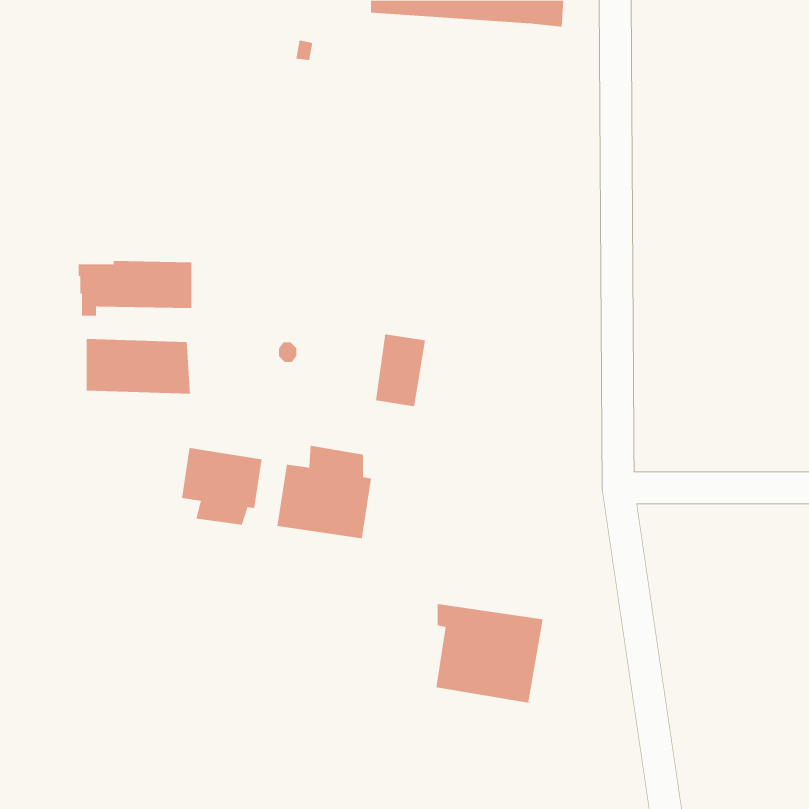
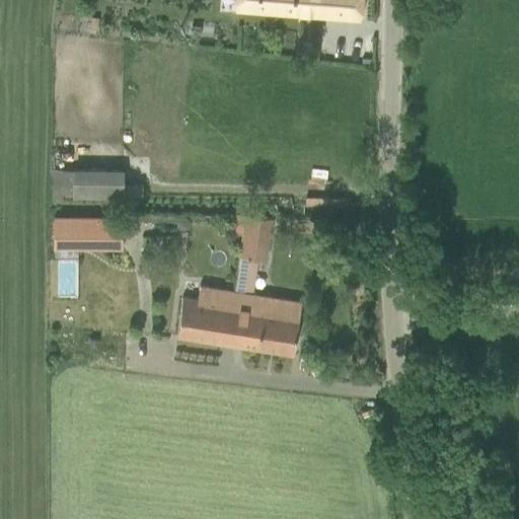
building: [181,447,262,525] -> none
building: [435,603,543,703] -> [233,292,302,356]

